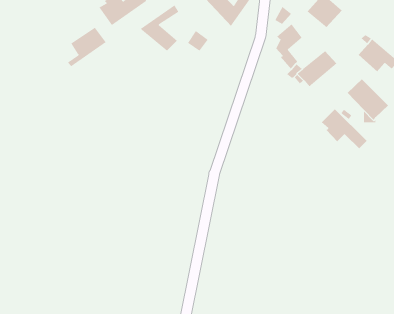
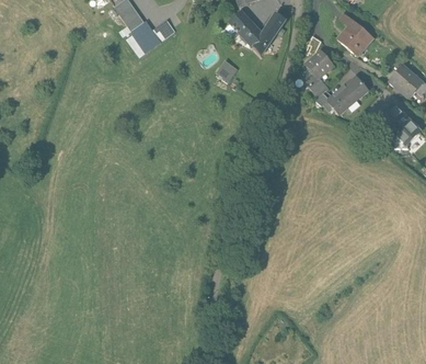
building: [140,5,179,51] -> none
building: [67,27,107,67] -> none
building: [321,108,367,149] -> none

